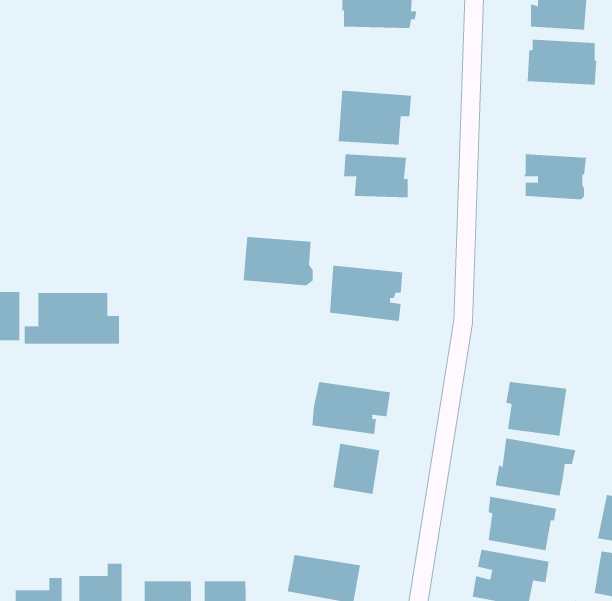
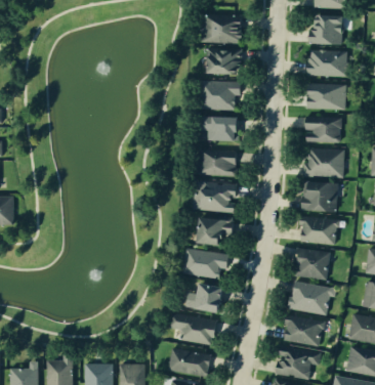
building: none -> [207,48,242,74]
building: none -> [307,83,346,110]
building: none -> [303,147,345,177]
building: [243,236,313,286] -> [196,148,237,177]
building: none -> [302,181,338,211]
building: [24,292,120,344] -> none
building: none -> [299,215,340,245]
building: none -> [197,216,232,245]
building: none -> [169,312,217,344]

